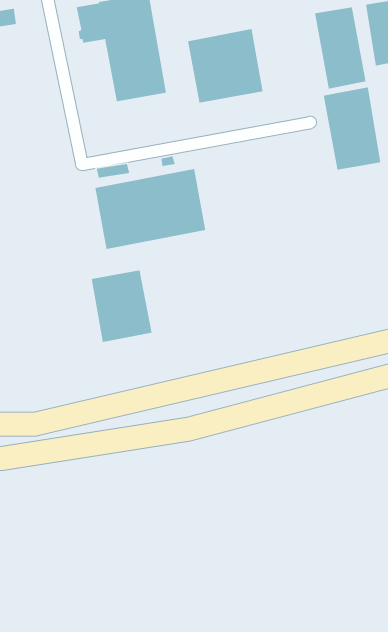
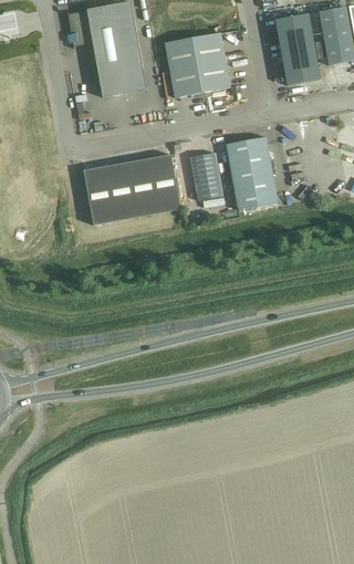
building: [323,86,381,170] -> [227,136,278,209]
building: none -> [191,153,222,200]
building: [91,270,153,343] -> none

